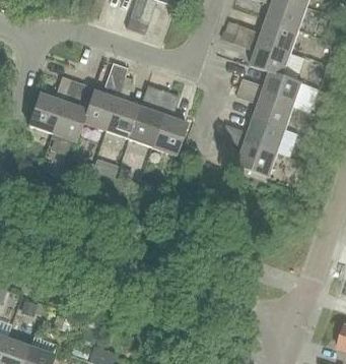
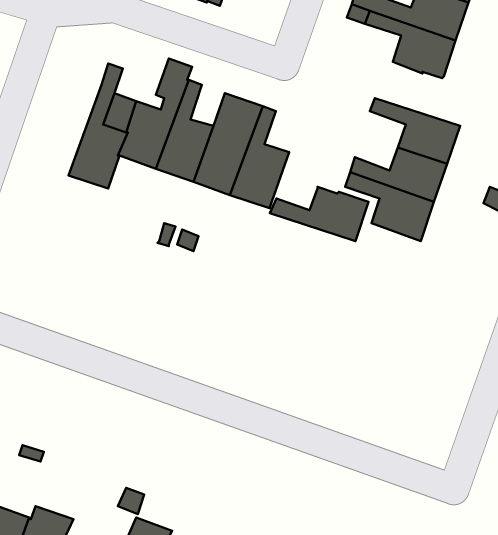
building: [240,70,301,104] -> [270,187,369,241]
building: [27,75,72,134] -> none

